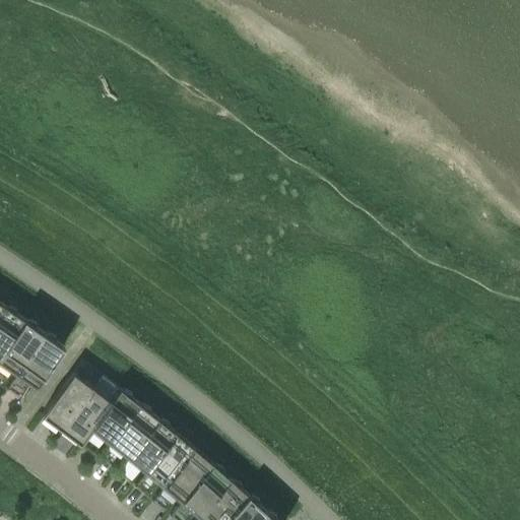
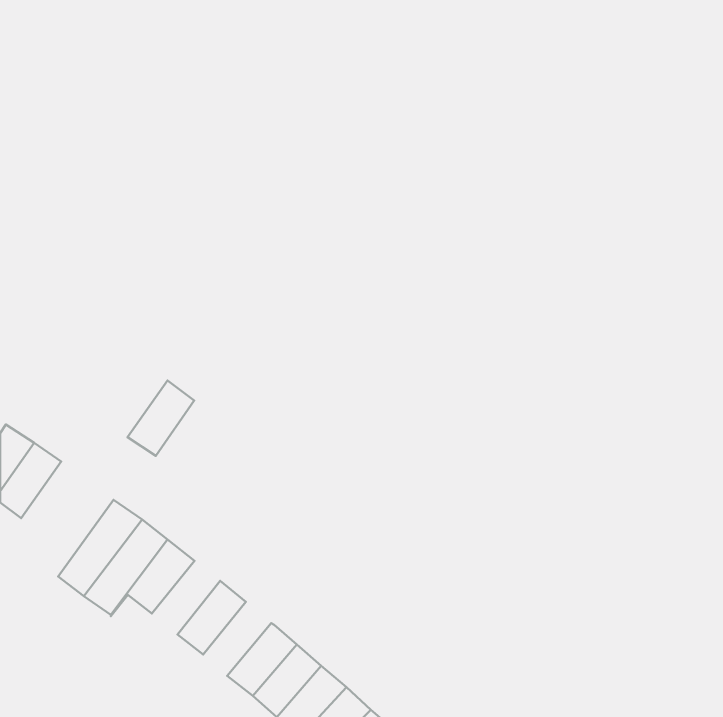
building: [17,336,65,390] -> [128,380,194,456]
building: [111,407,159,460] -> none
building: [147,437,196,490] -> none

